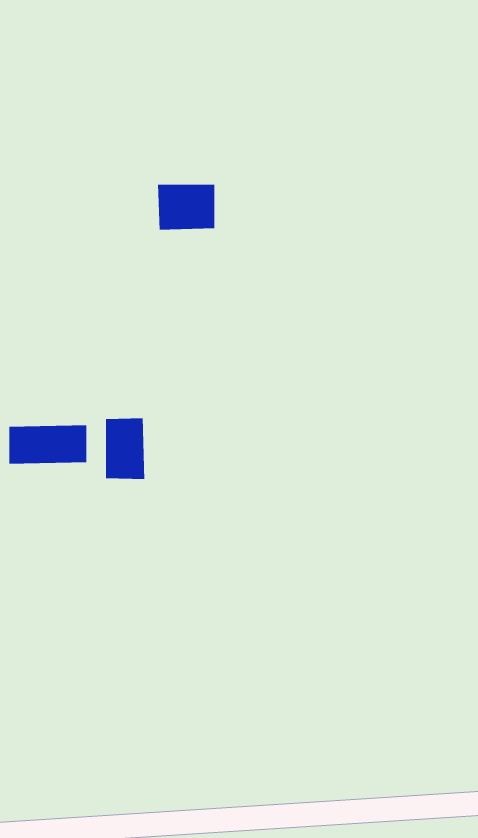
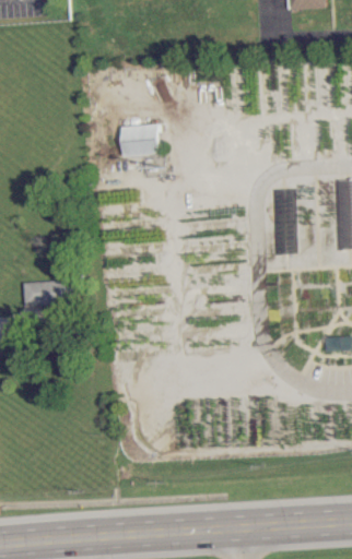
building: [105,418,145,480] -> none

